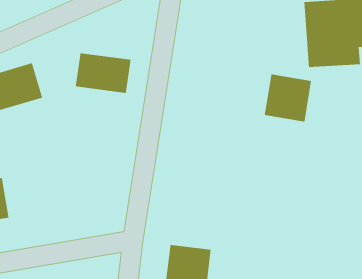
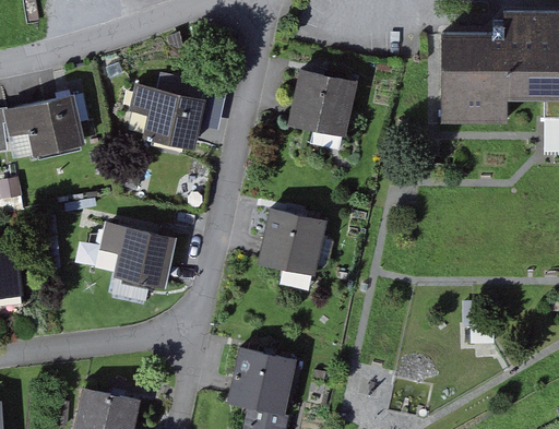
building: [264,74,312,122] -> [290,67,358,135]
building: none -> [254,206,319,273]
building: none -> [96,223,178,286]

